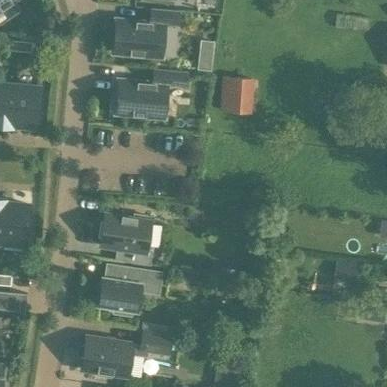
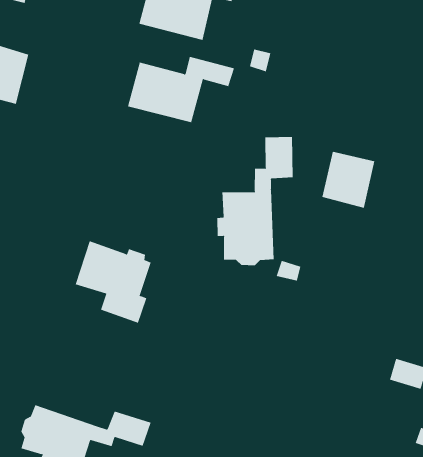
building: [220,77,254,114] -> [321,151,375,209]
building: none -> [217,136,293,266]
building: [97,267,161,315] -> none

